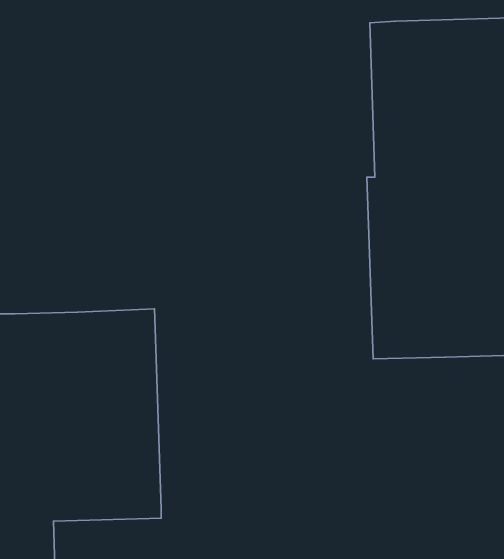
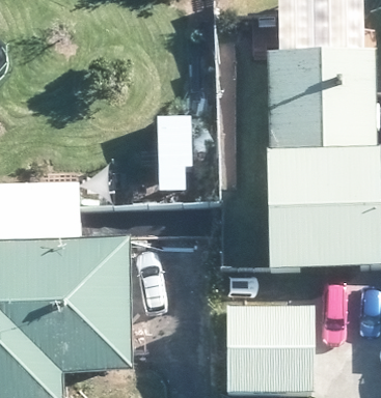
building: none -> [224,305,316,391]

